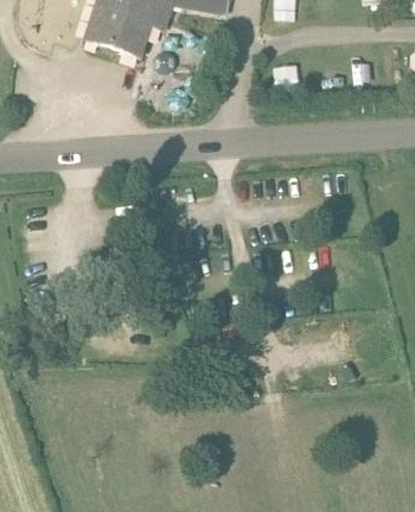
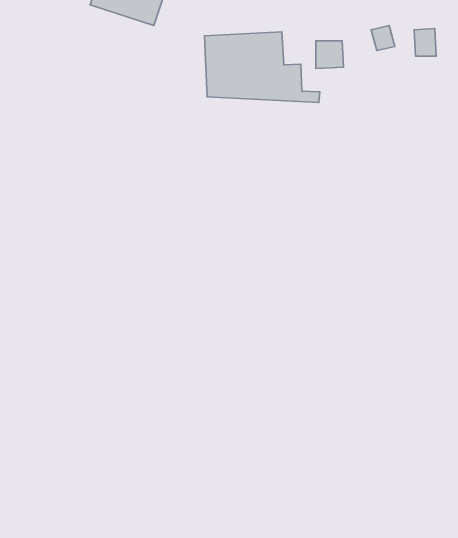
building: none -> [204,32,320,103]

